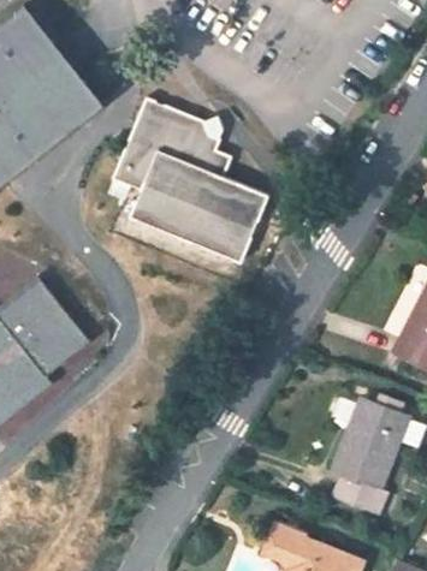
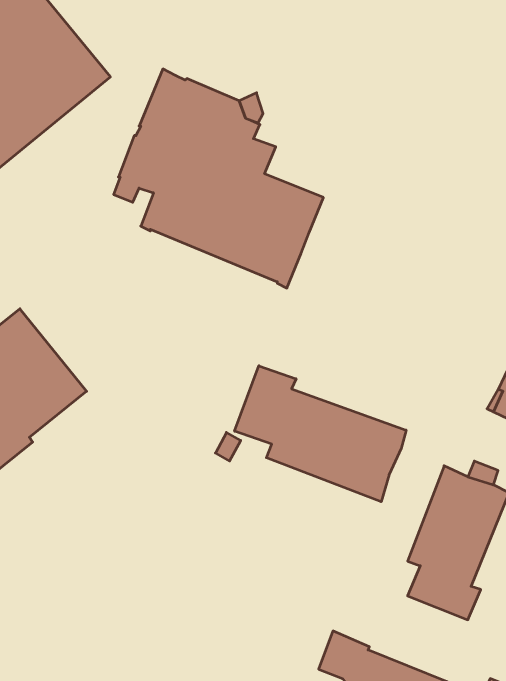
building: none -> [235,366,406,502]

